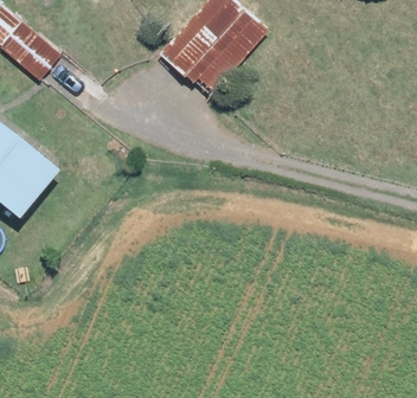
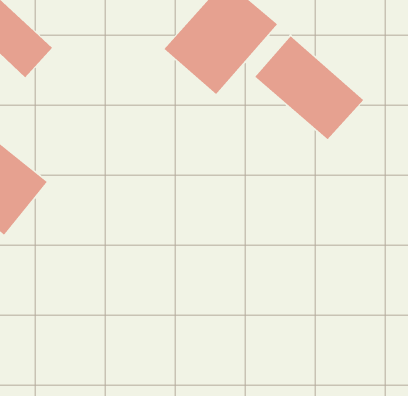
building: none -> [254,35,364,140]

